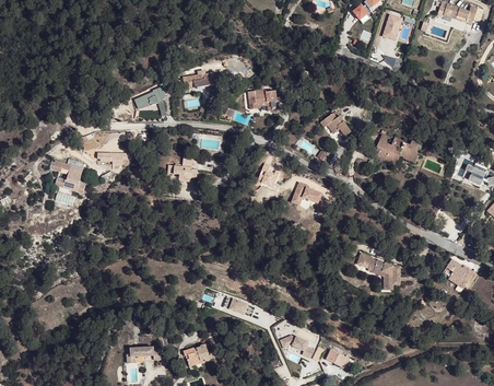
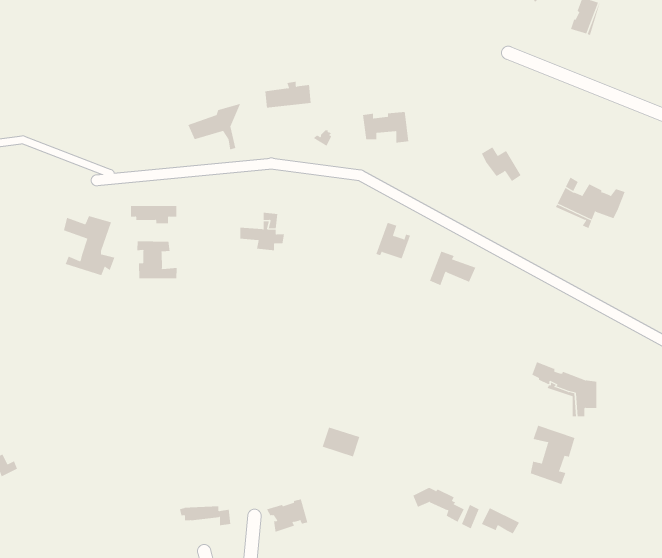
building: none -> [137,241,177,279]
building: none -> [530,425,575,485]

